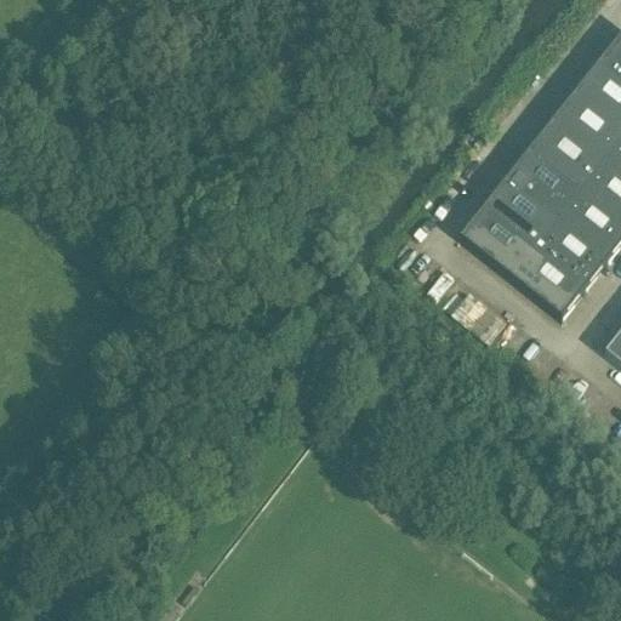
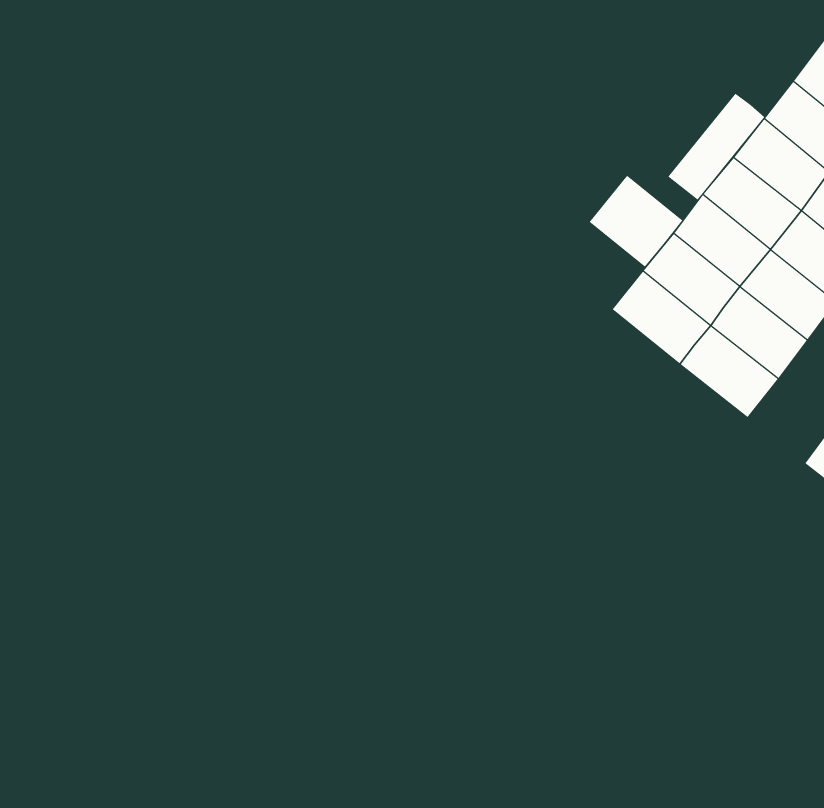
building: none -> [668,93,765,201]
building: none -> [589,175,683,268]

